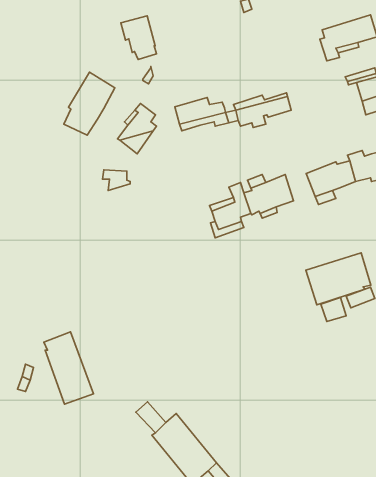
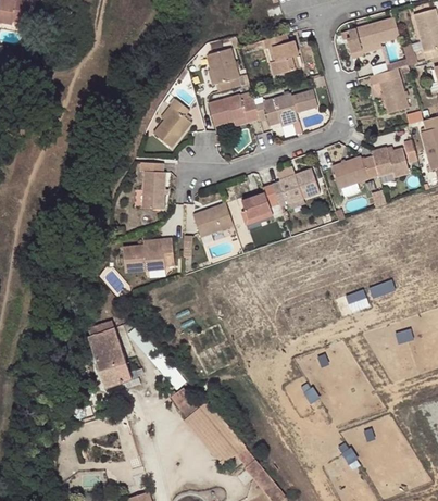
building: [121,16,156,60] -> [203,51,237,92]
building: none -> [261,35,299,78]
building: [64,72,115,135] -> none
building: none -> [143,177,165,213]
building: none -> [195,203,234,237]
building: none -> [120,241,171,275]
building: [306,253,371,305] -> none

